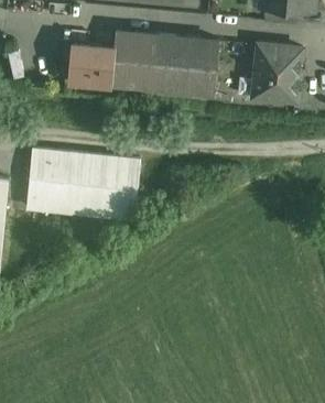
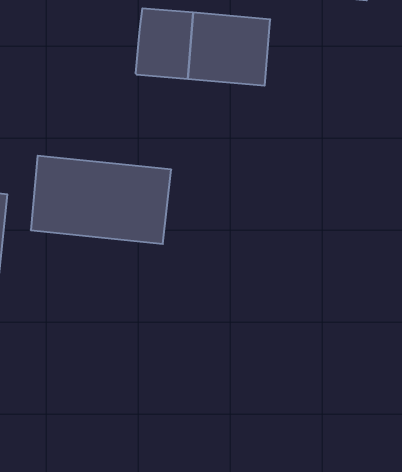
building: [68,43,113,84] -> none
building: [252,43,301,100] -> none

